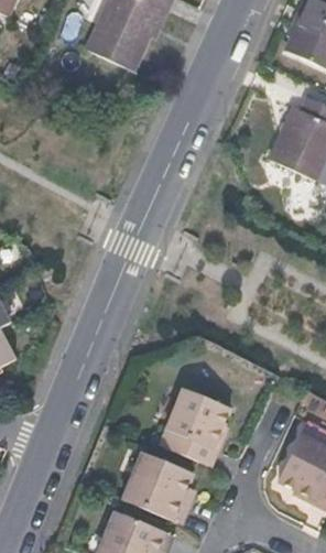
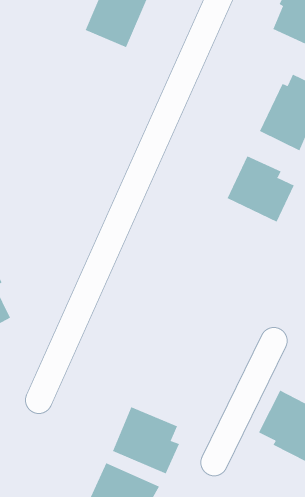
building: none -> [227,155,295,223]
building: [151,389,229,465] -> none

